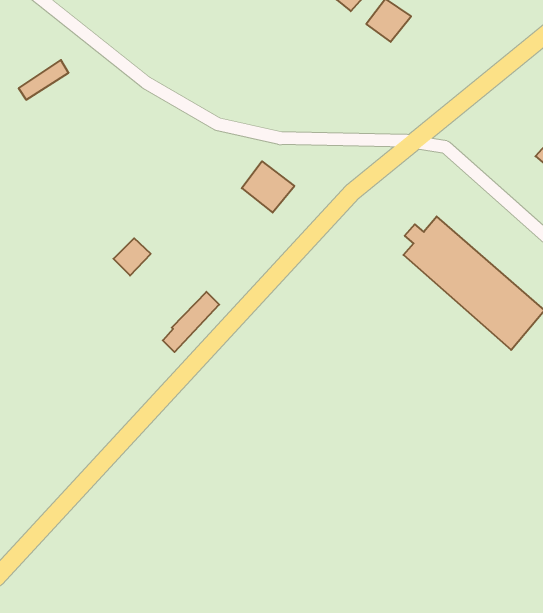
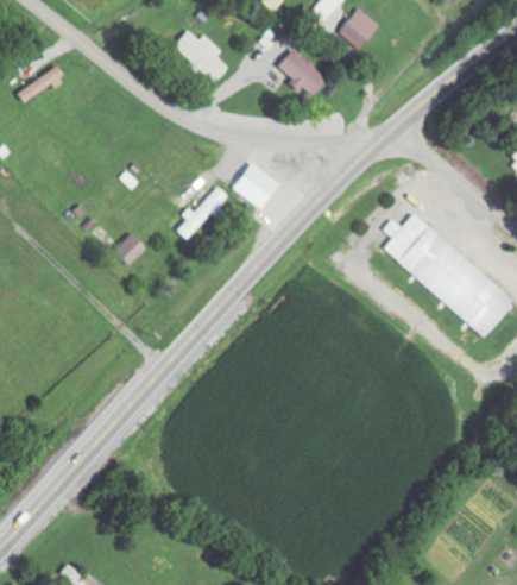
building: none -> [178,30,234,83]
building: none -> [282,49,332,98]
building: [163,292,219,352] -> [174,184,226,240]

